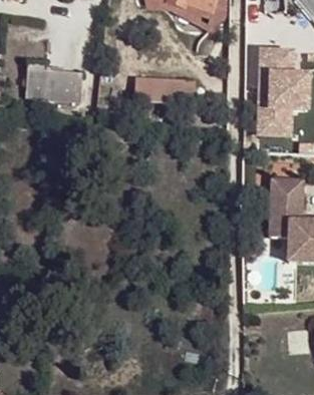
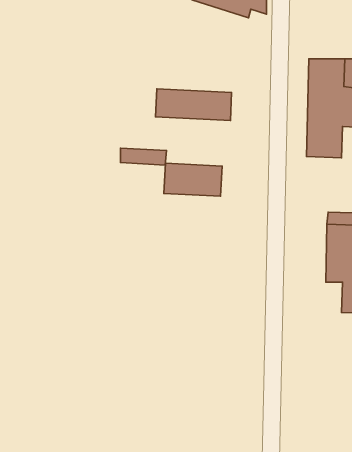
building: [25,63,81,100] -> none
building: none -> [164,163,222,196]

